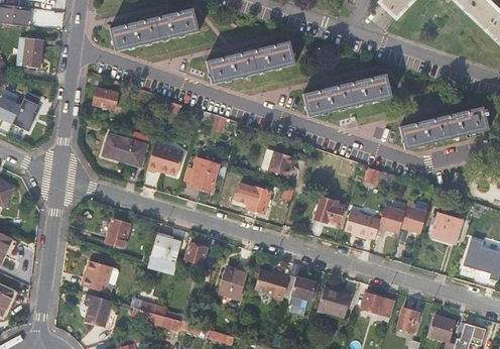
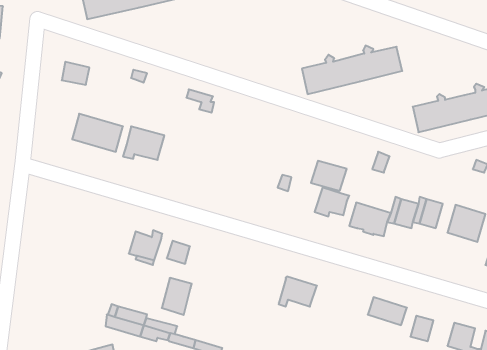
building: [207,40,294,83] -> none
building: [261,148,292,174] -> [311,161,347,191]
building: [183,157,218,191] -> none
building: [235,184,271,213] -> none
building: [106,218,131,247] -> none
building: [83,260,119,294] -> none
building: [220,266,246,299] -> [162,278,192,315]
building: [255,266,289,298] -> none
building: [318,286,351,317] -> none
building: [85,295,113,327] -> none

